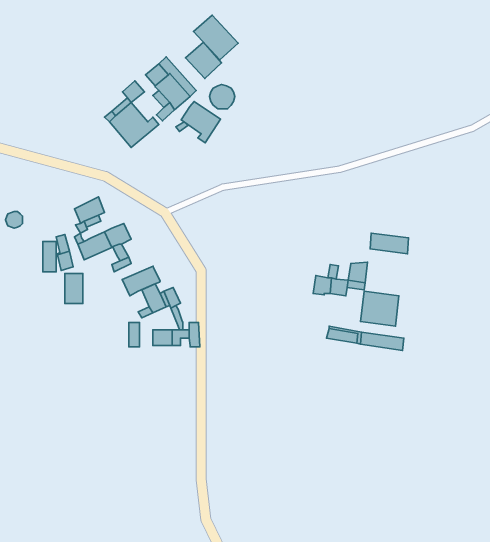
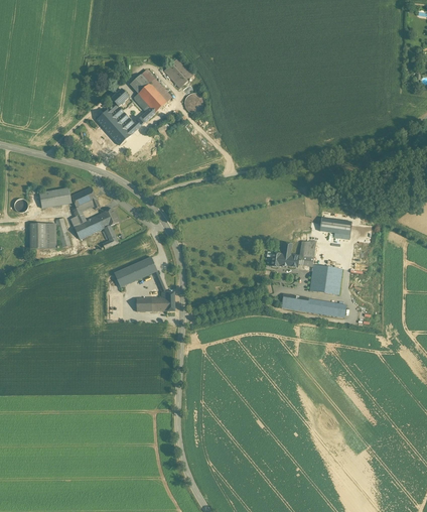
building: [194,15,238,60] -> none
building: [181,101,220,143] -> none
building: none -> [38,187,70,208]
building: [122,266,160,296] -> none
building: [65,273,83,304] -> [29,224,44,249]

